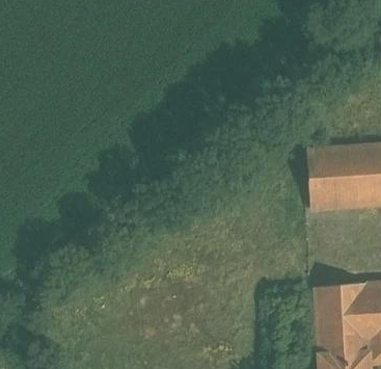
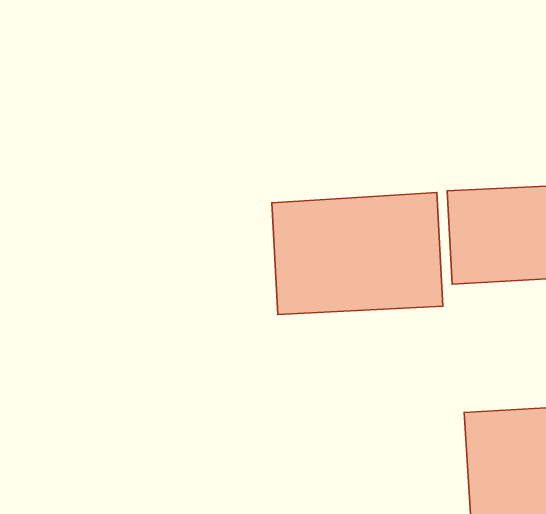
building: none -> [272,193,443,315]

